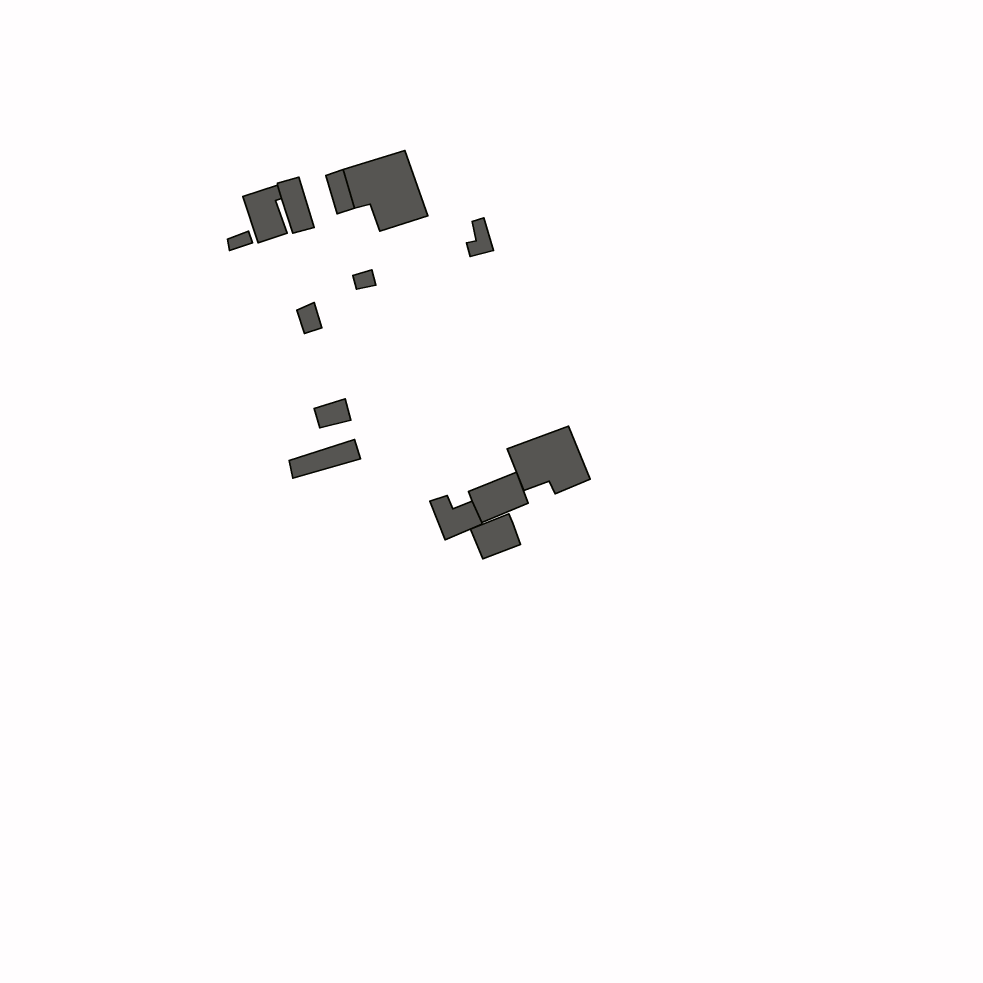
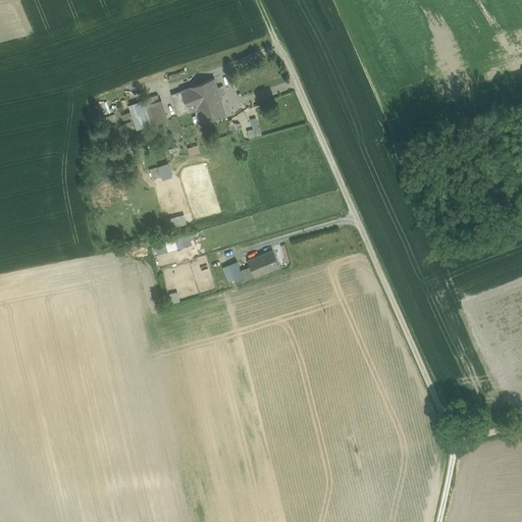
building: [507,426,590,494] -> none
building: [470,514,520,559] -> none

